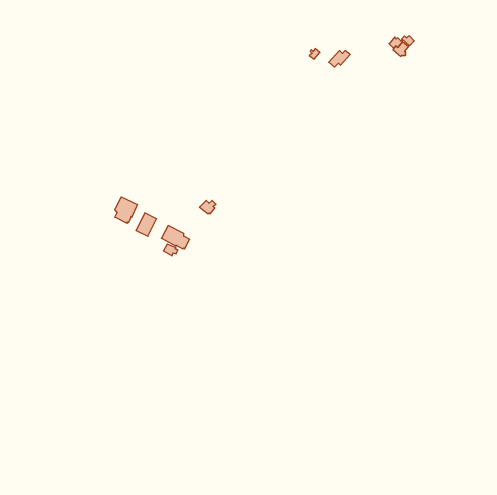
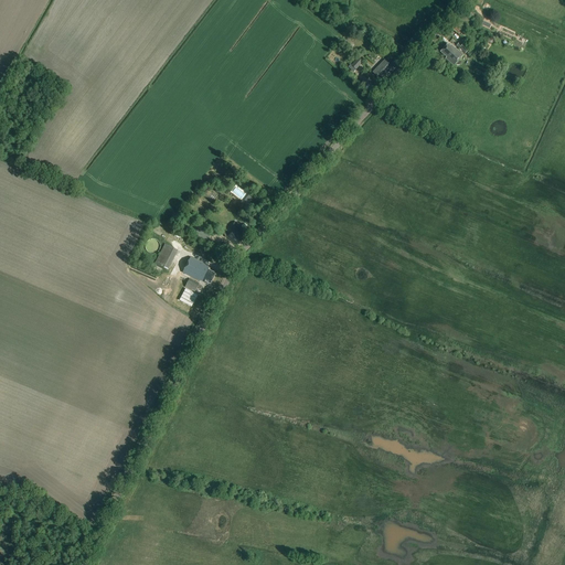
building: [115,197,138,223] -> none

